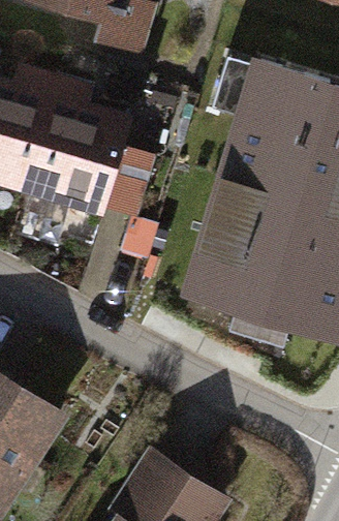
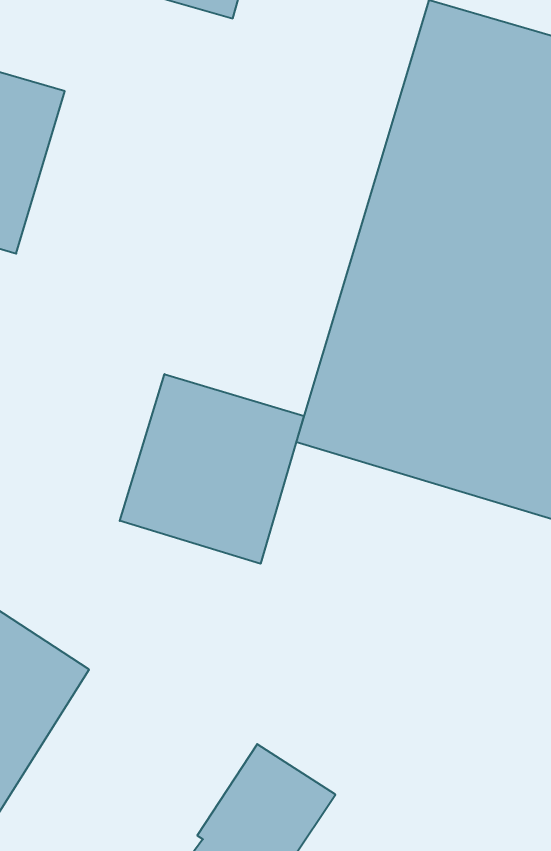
building: [23,97,156,218] -> none
building: none -> [120,374,304,564]

